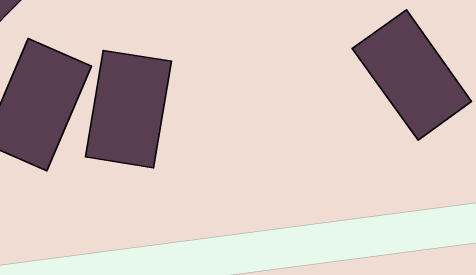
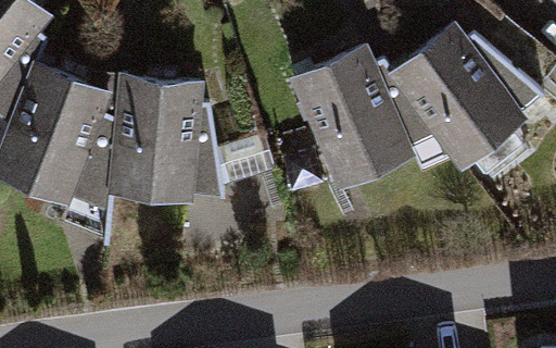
building: none -> [294,52,408,195]

